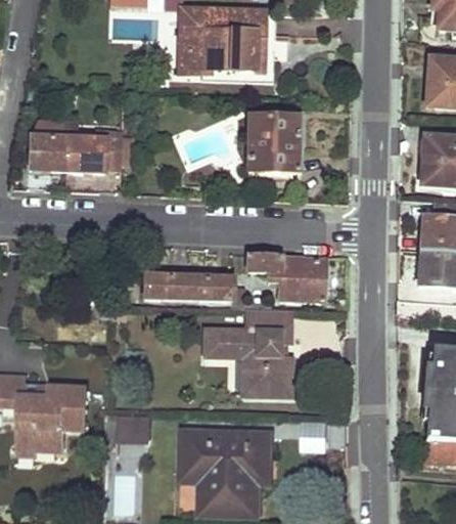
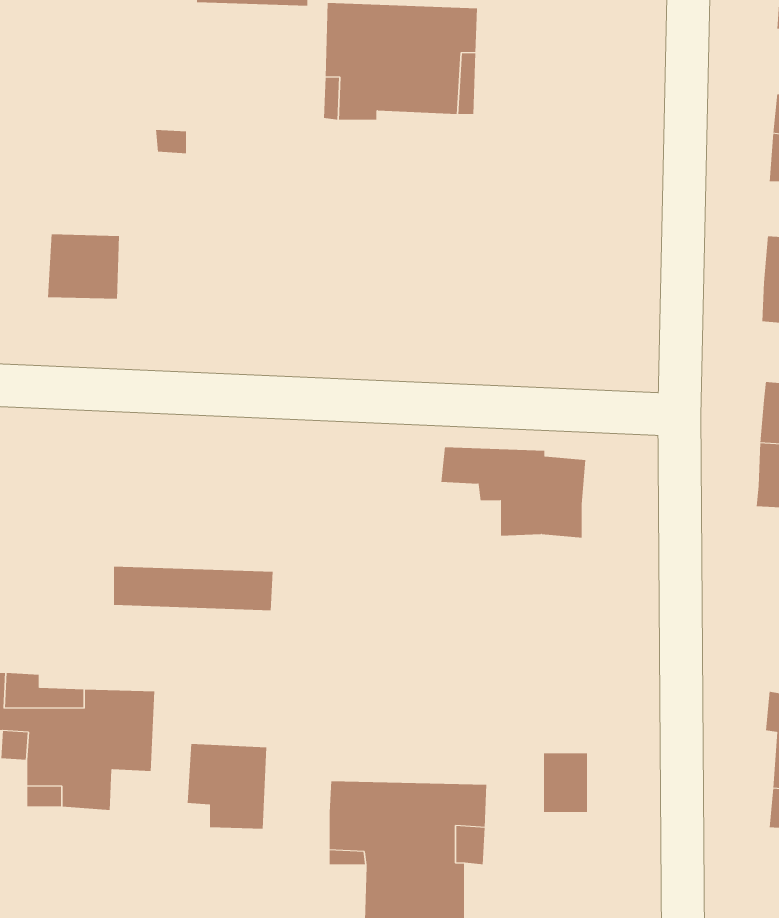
building: [247,116,299,171] -> none
building: [67,131,121,172] -> none
building: [142,274,230,299] -> [113,566,273,611]
building: [204,307,290,395] -> none

